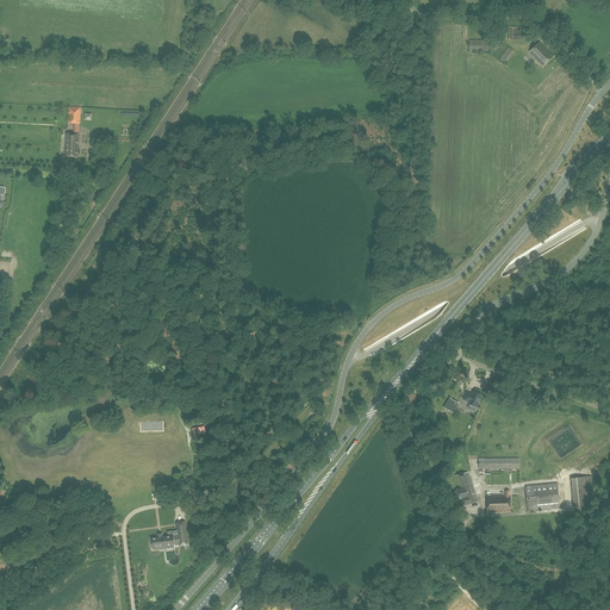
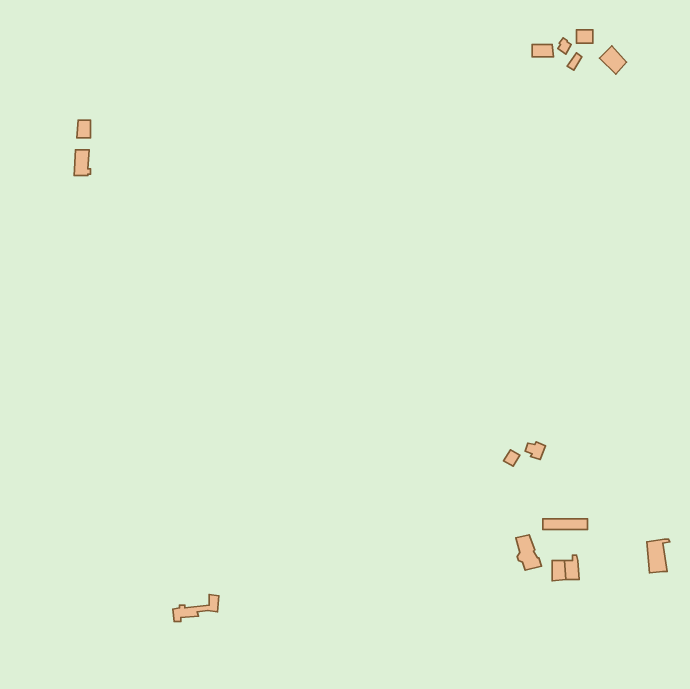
building: [525,483,559,510] -> none

